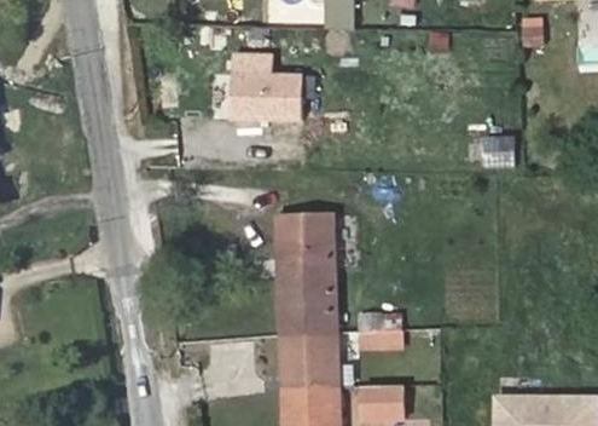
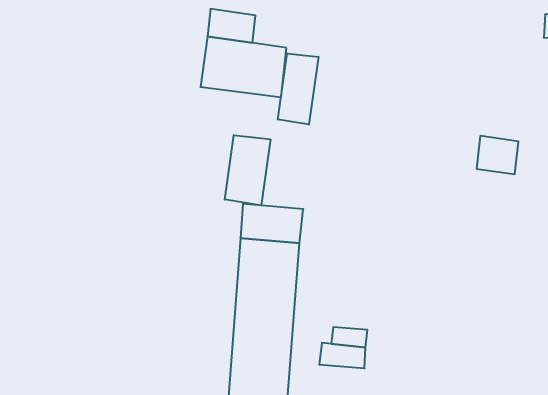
building: none -> [278,53,318,125]
building: none -> [225,135,270,205]

